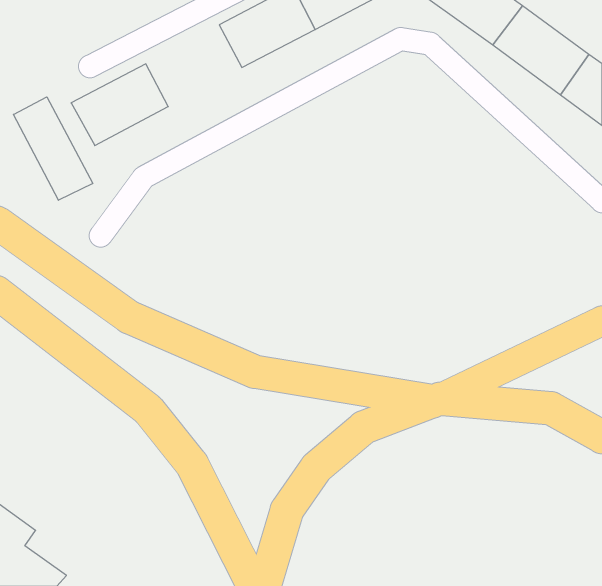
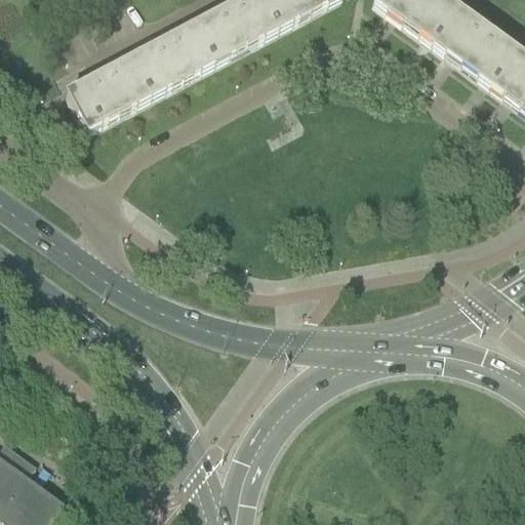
building: none -> [126,22,209,92]
building: [13,97,93,200] -> none

